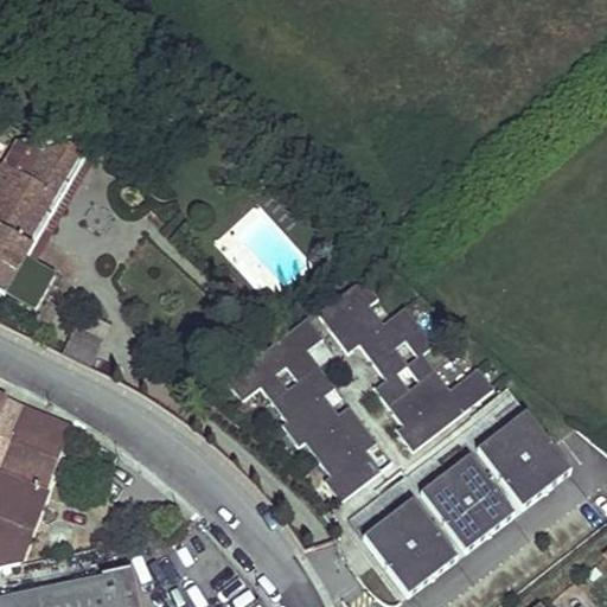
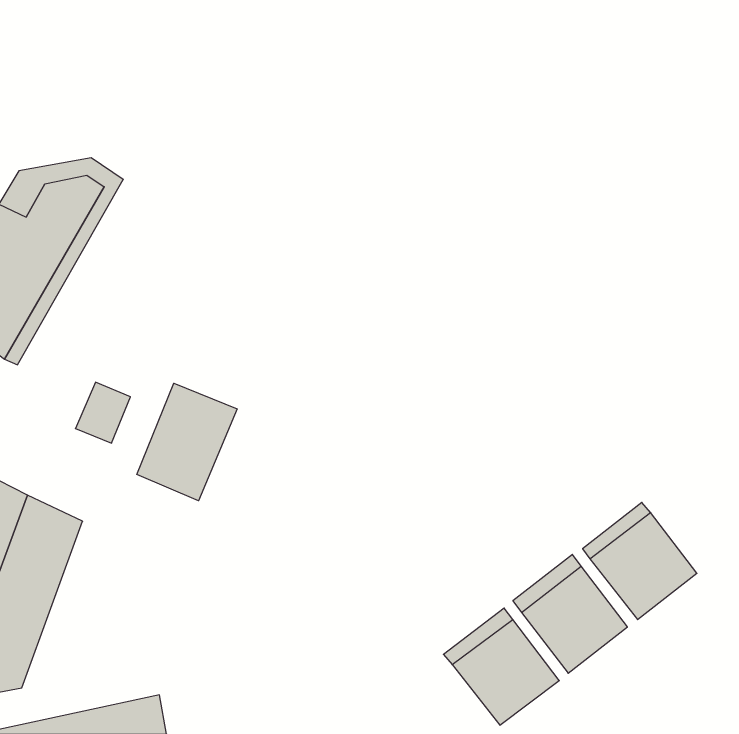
building: [317,279,493,451] -> none
building: none -> [137,383,237,501]
building: [226,317,382,500] -> none

